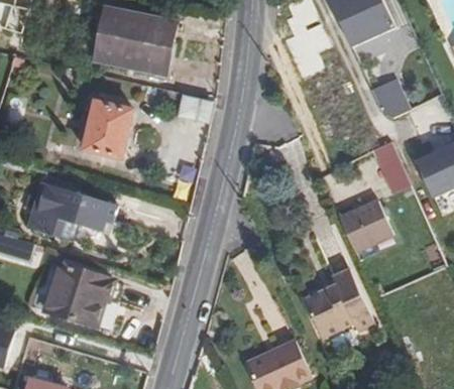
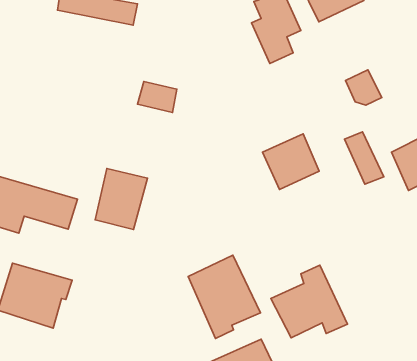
building: [94,27,173,74] -> none
building: [85,102,134,159] -> [95,169,147,229]
building: [340,200,393,252] -> [263,134,319,189]
building: none -> [188,255,260,339]

